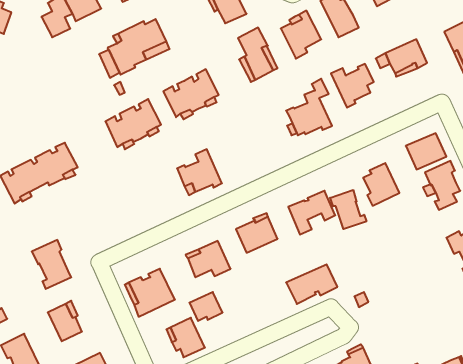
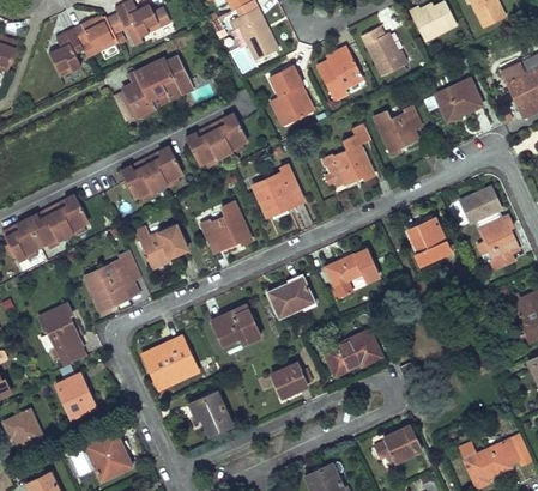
building: none -> [253,165,303,217]
building: none -> [135,225,188,267]
building: [330,190,366,229] -> none
building: none -> [85,260,141,315]
building: [189,292,223,321] -> [271,363,308,395]

